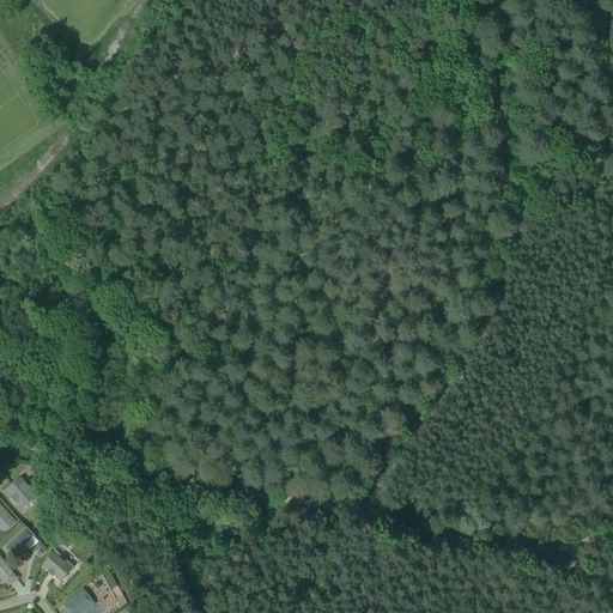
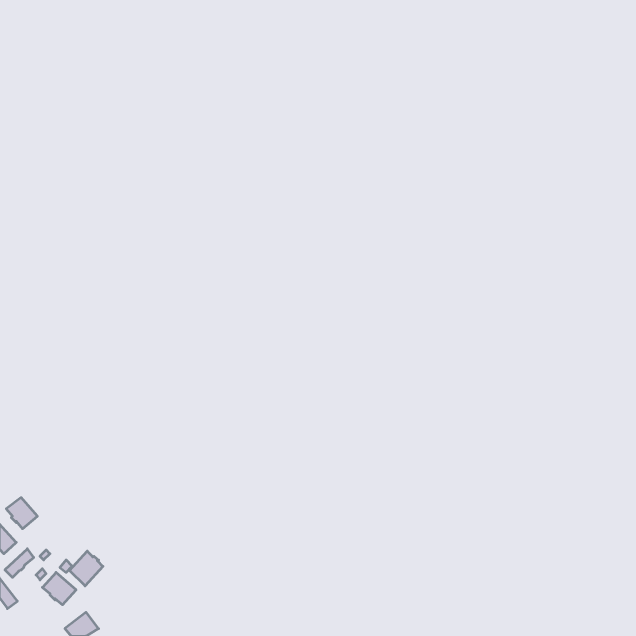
building: none -> [69,551,103,586]

